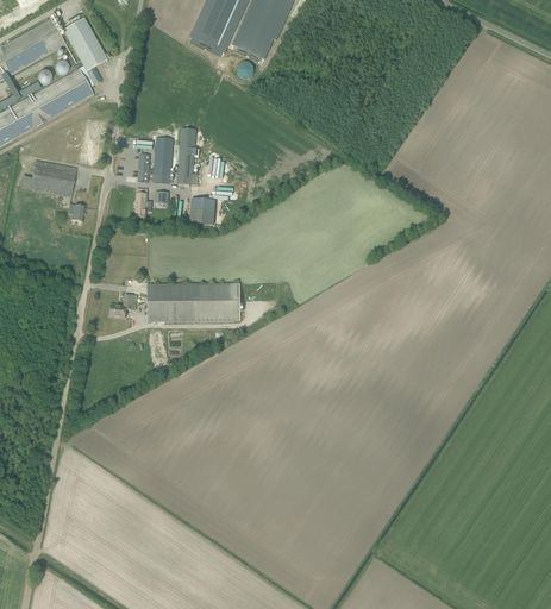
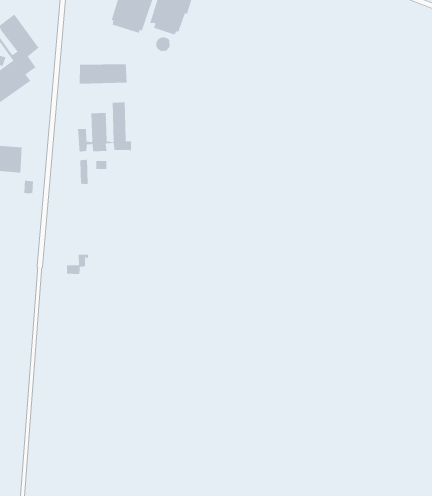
building: none -> [79,63,127,85]
building: [188,196,214,224] -> none
building: [146,282,239,320] -> none

